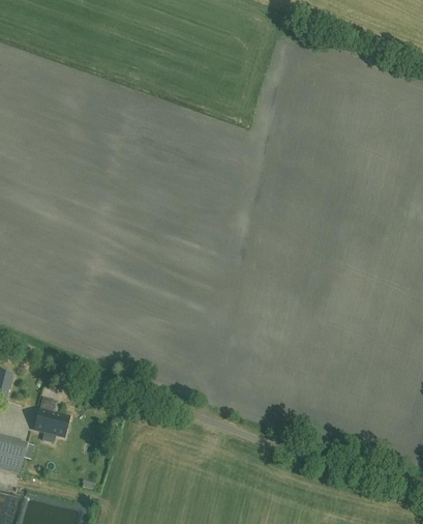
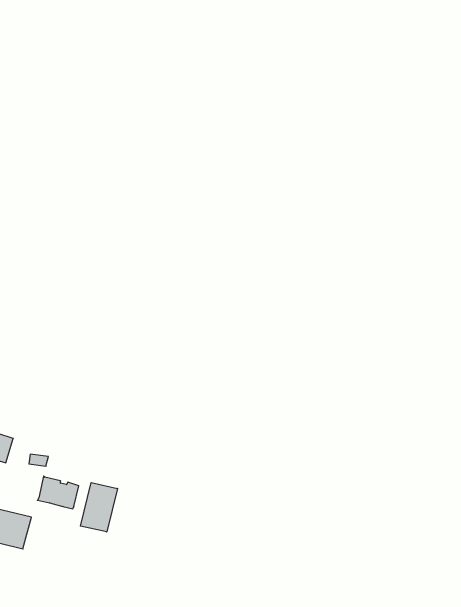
building: none -> [80,483,118,532]

